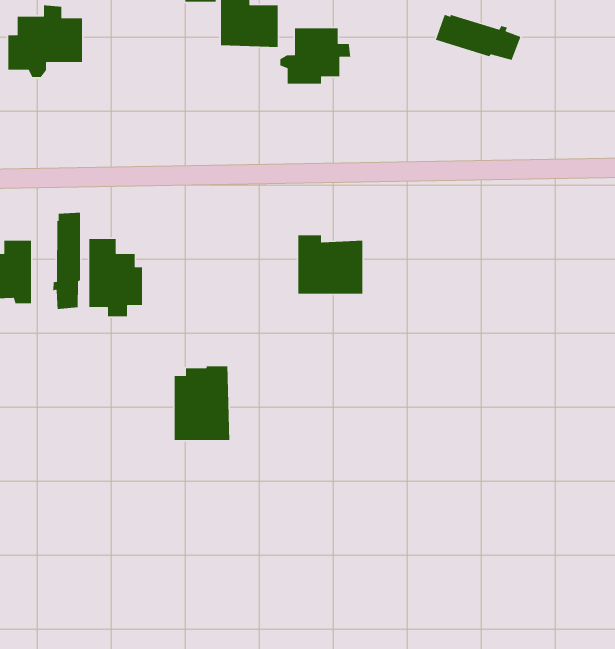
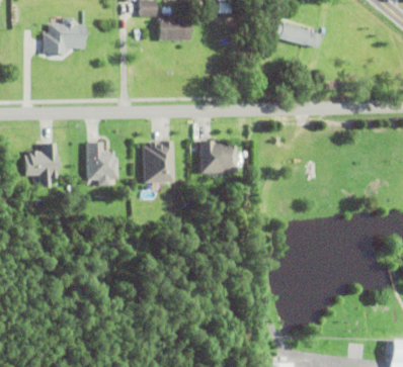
building: [279,28,351,84] -> none
building: [52,212,81,310] -> none
building: [174,366,230,441] -> [143,142,173,182]

